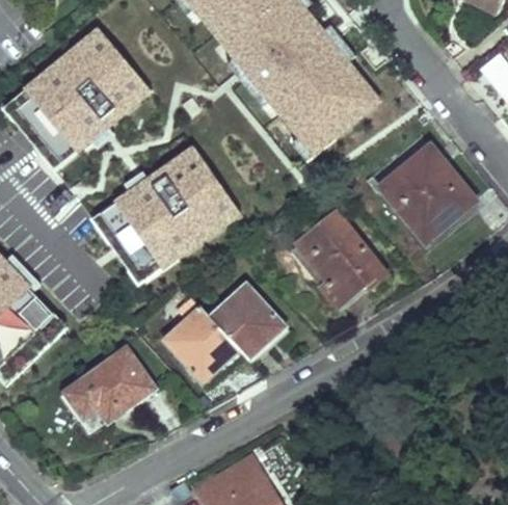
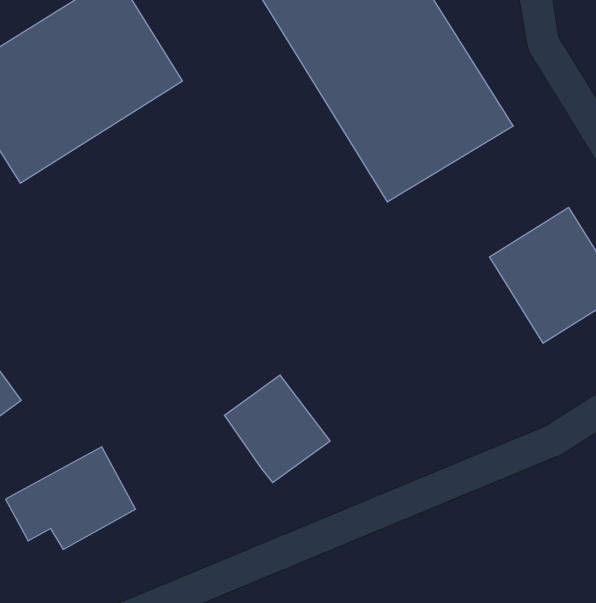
building: [86,140,244,284] -> none
building: [296,212,387,307] -> none
building: [164,307,239,382] -> none

